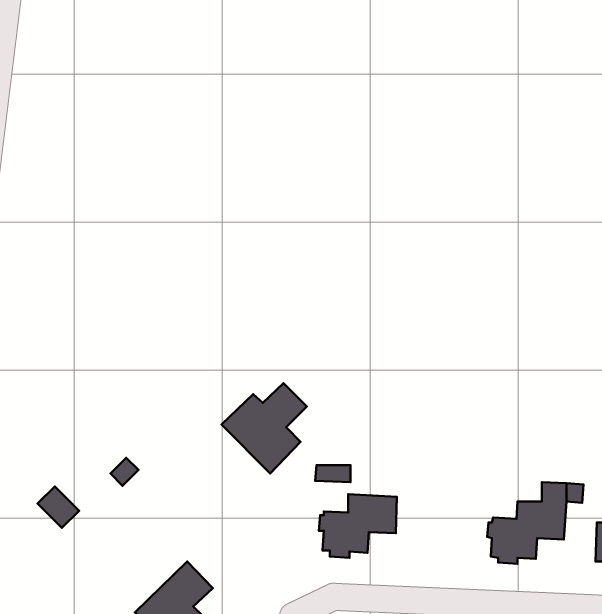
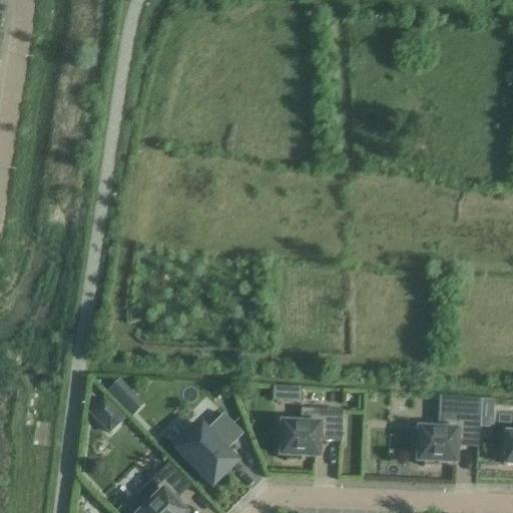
building: [221,383,307,473] -> [173,413,243,487]
building: [38,486,79,528] -> [90,397,124,431]

